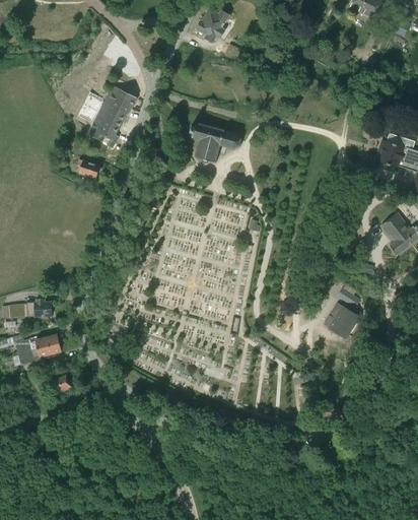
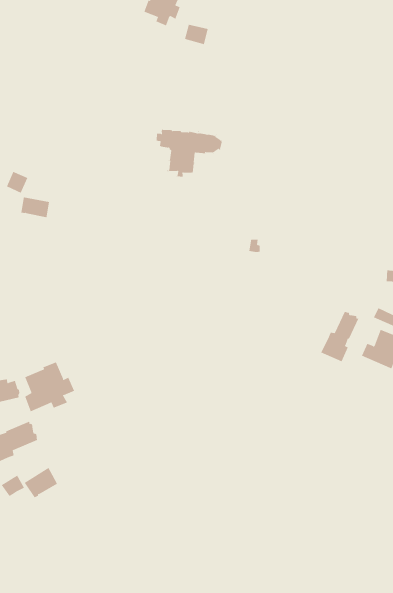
building: [88,85,137,147] -> none
building: none -> [321,311,359,362]
building: none -> [24,362,75,412]

